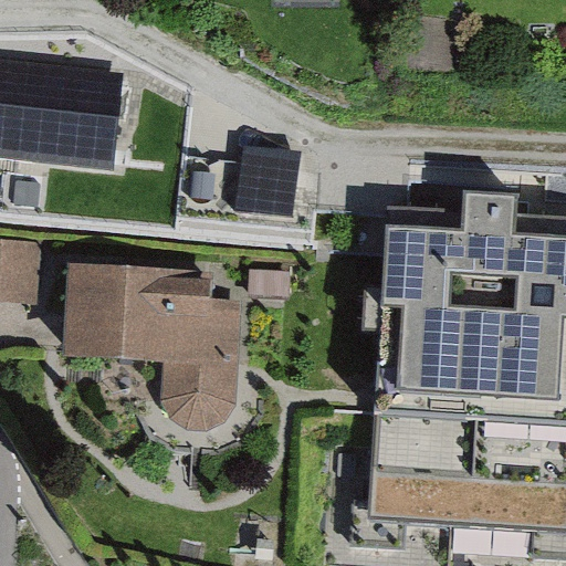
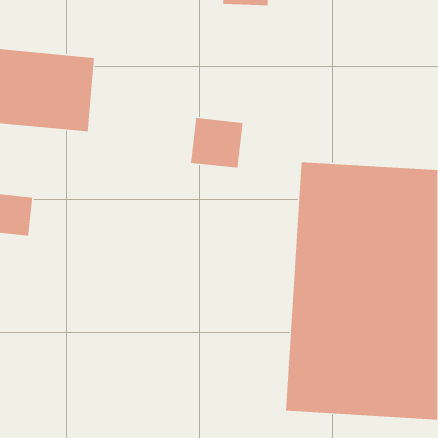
building: [87,264,244,431] -> none

